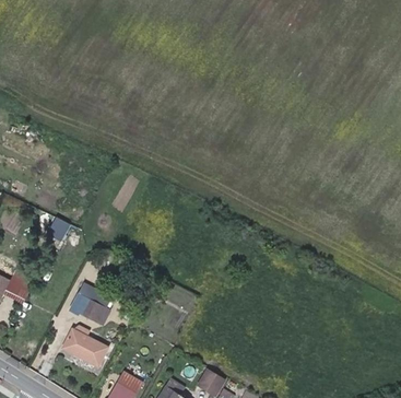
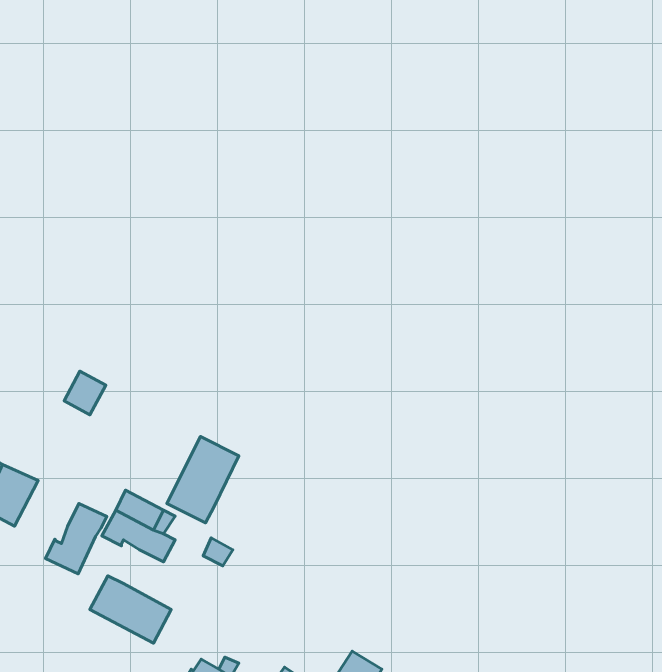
building: none -> [167,436,239,523]
building: none -> [45,503,107,574]

